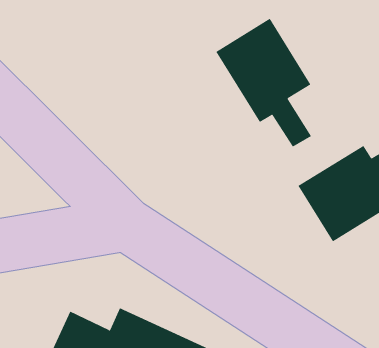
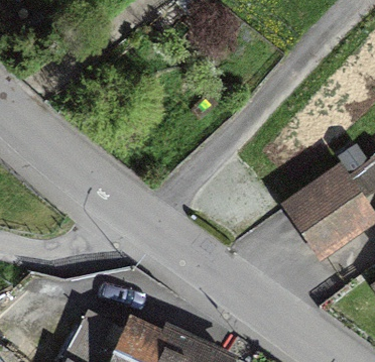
building: [215,18,312,148] -> none

